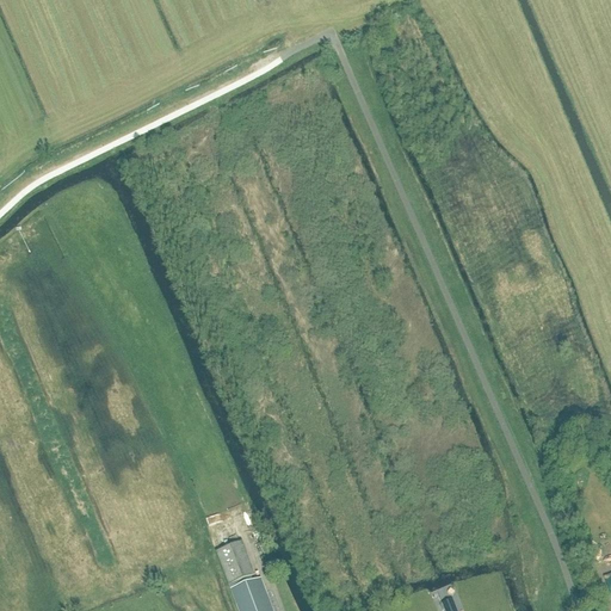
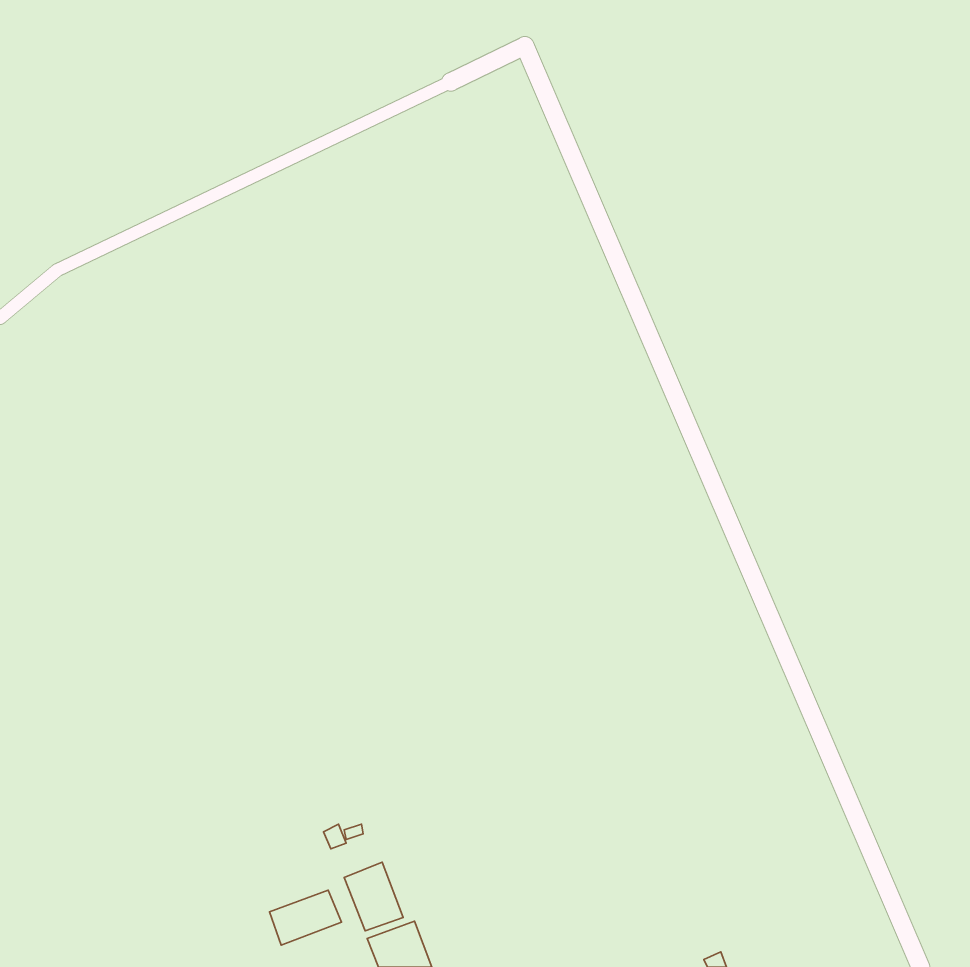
building: none -> [269,890,342,945]

